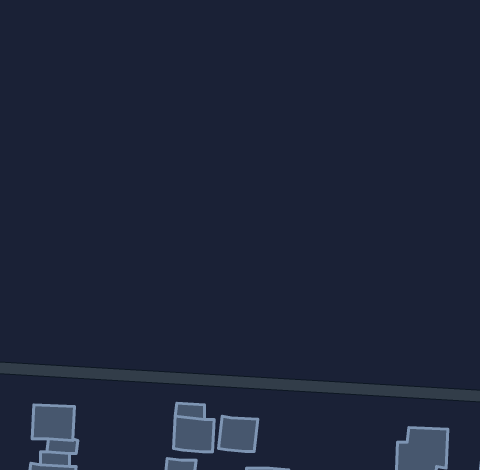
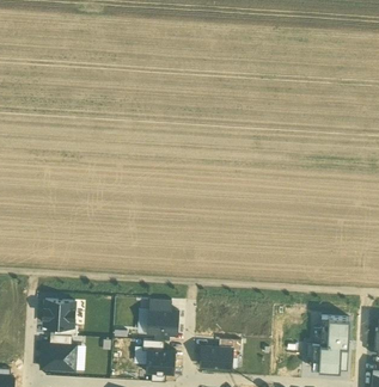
building: [219,416,258,451] -> none

